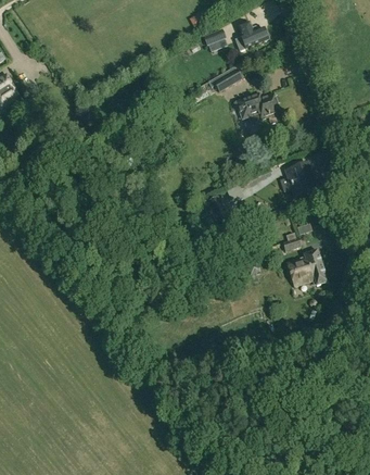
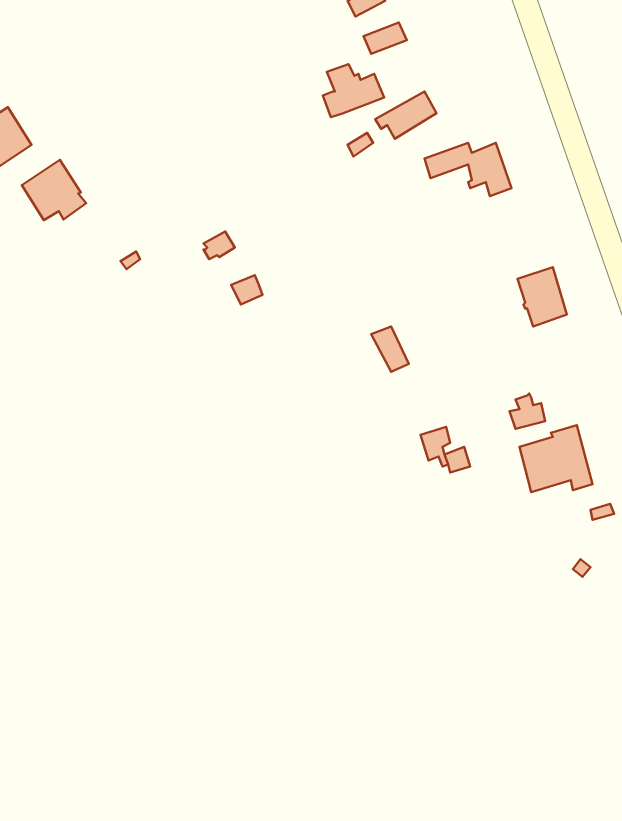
building: [235,22,269,51] -> [323,64,384,117]
building: none -> [22,160,86,220]

